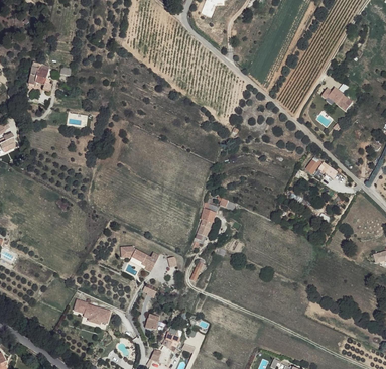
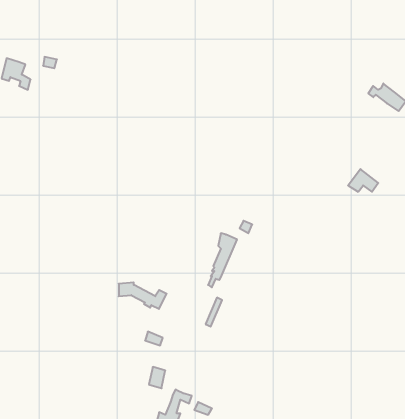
building: [75,299,110,324] -> none

